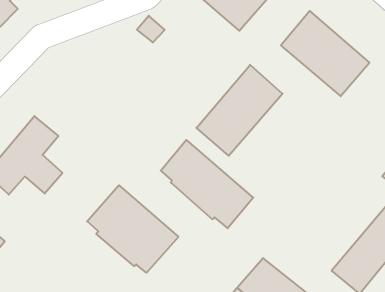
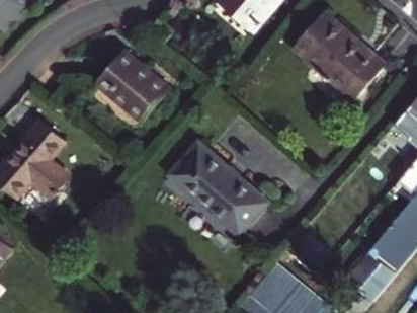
building: none -> [96,51,169,122]
building: [196,65,283,156] -> none
building: [87,185,178,273] -> none

